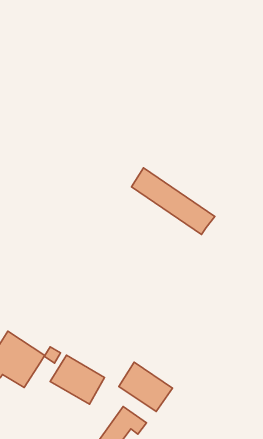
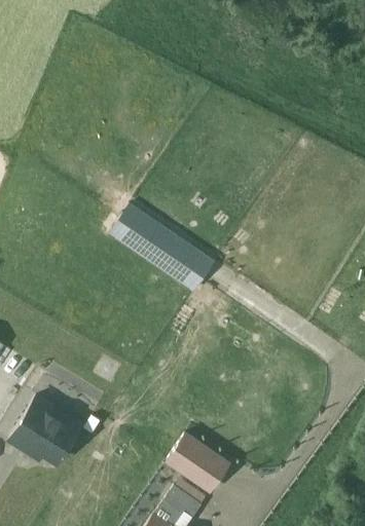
building: [131,168,215,235] -> [111,208,210,287]
building: [50,355,104,404] -> none

